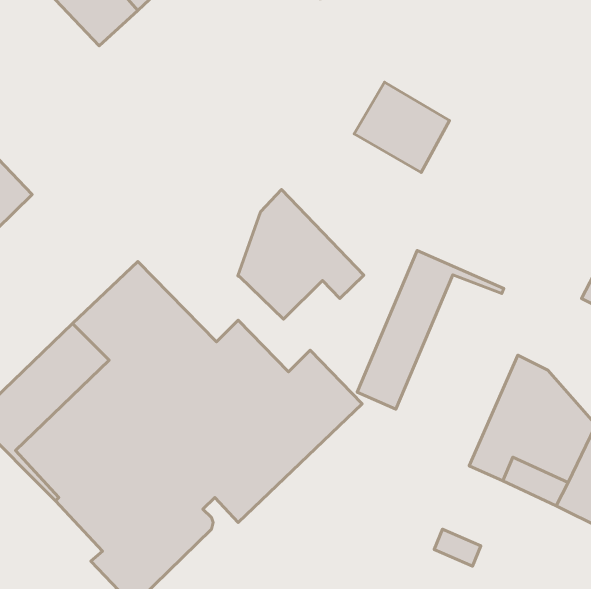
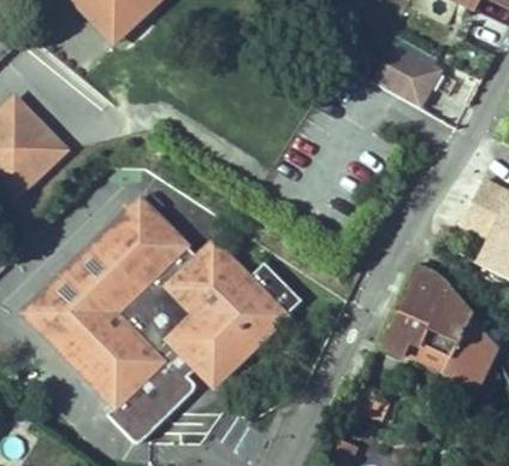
building: [354,82,450,172] -> [372,42,440,107]
building: [238,190,364,319] -> none
building: [357,251,504,409] -> none

